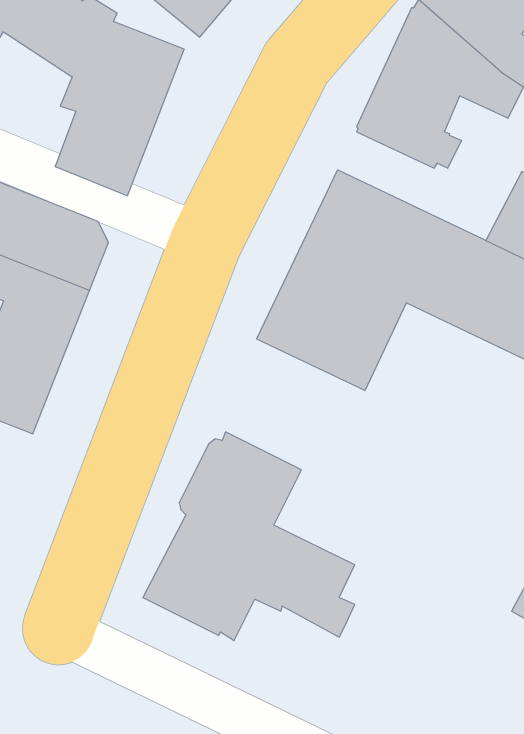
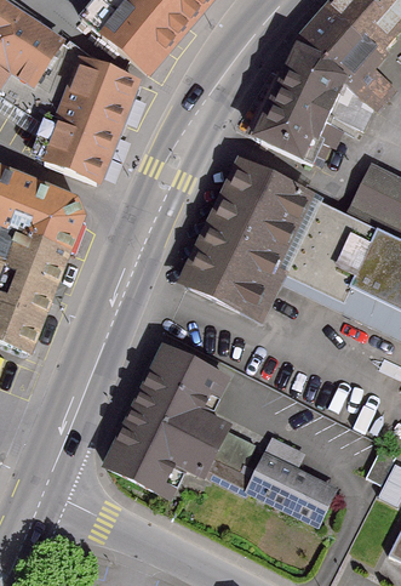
building: none -> [246,437,332,522]

